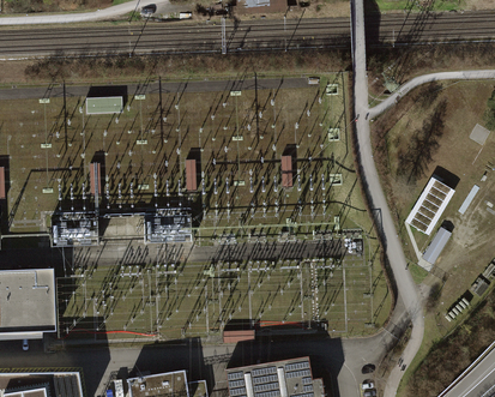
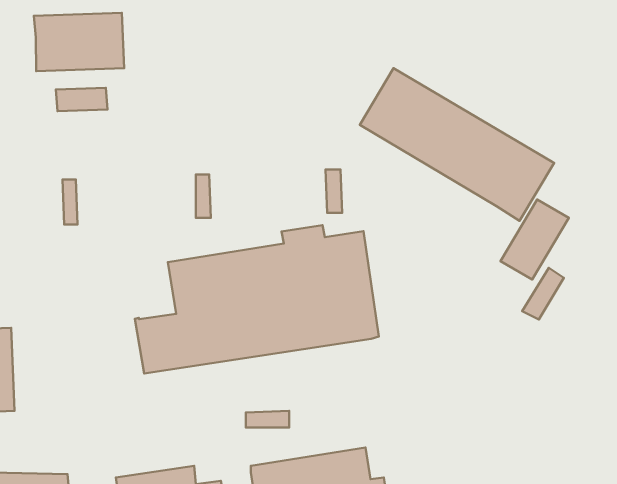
building: none -> [34,13,124,71]
building: none -> [360,68,554,221]
building: none -> [135,225,379,373]

